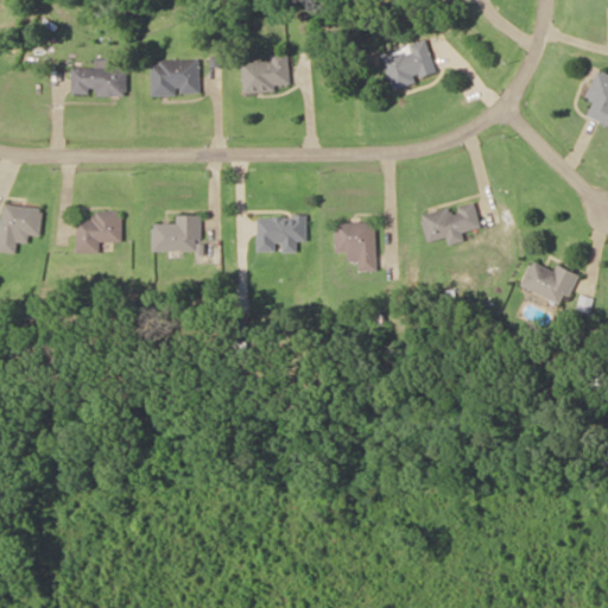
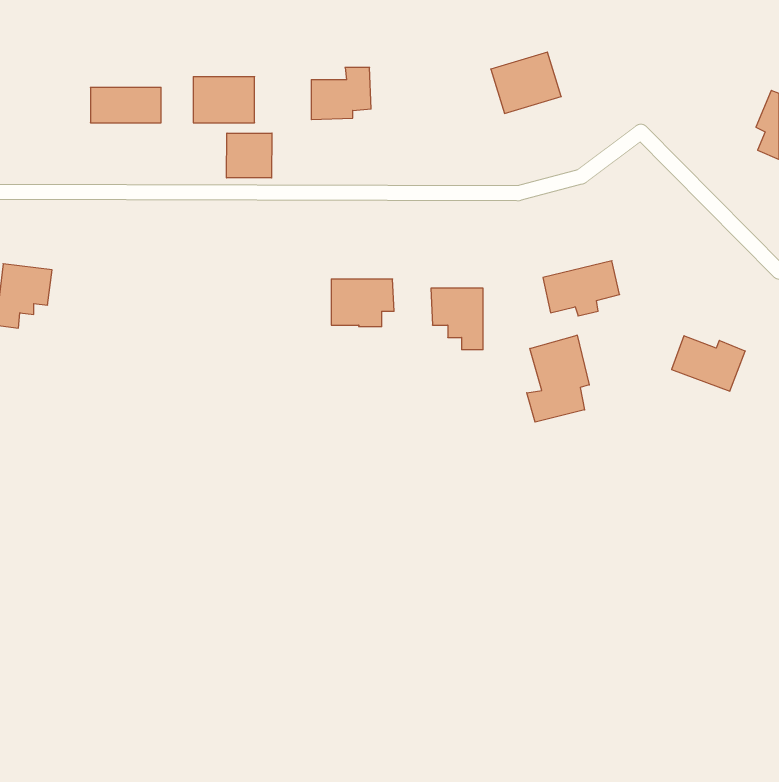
building: none -> [227,133,272,178]
building: [75,211,120,252] -> none
building: [151,215,200,252] -> none
building: none -> [527,335,589,422]

